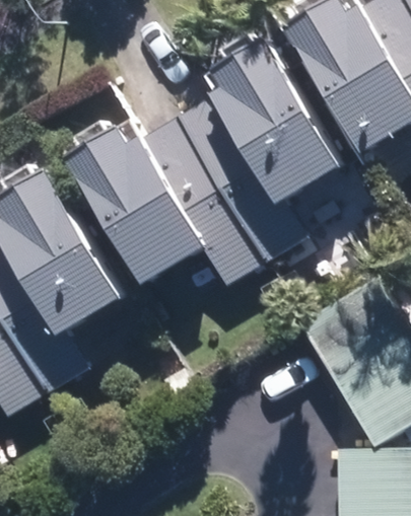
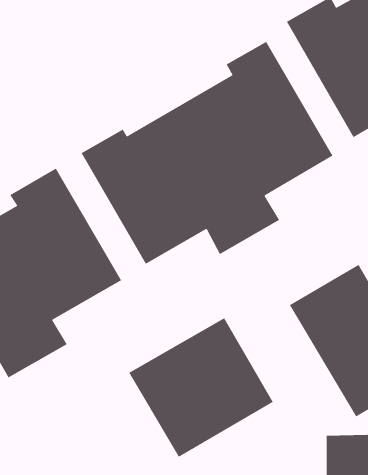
building: none -> [128,317,274,458]

